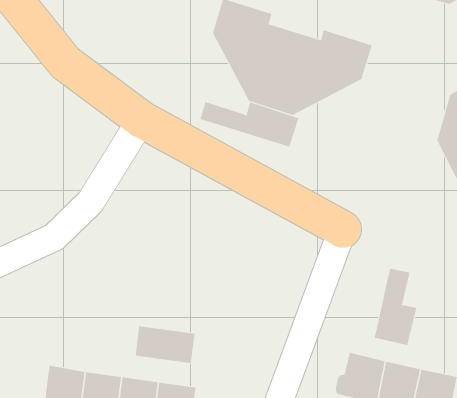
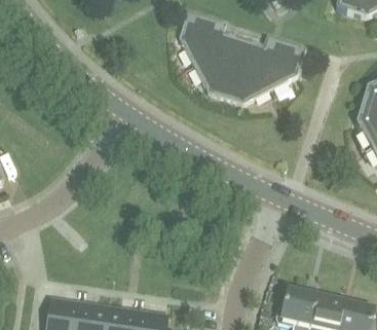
building: [200,101,299,147] -> none
building: [374,268,417,346] -> none
building: [135,326,195,364] -> none

